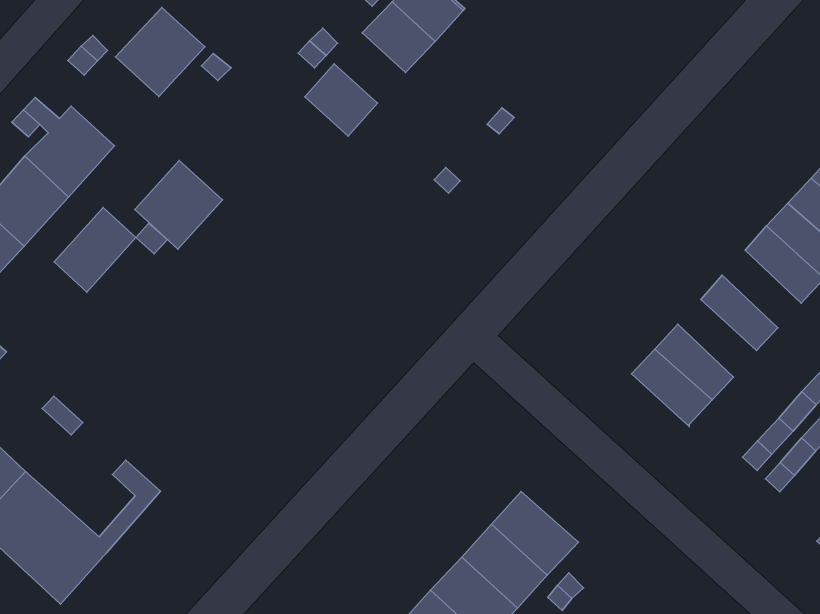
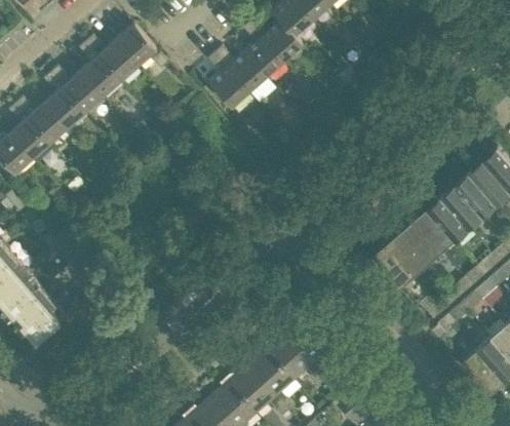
building: none -> [226,53,265,93]
building: [135,160,222,249] -> [77,51,126,101]
building: [54,207,136,292] -> none
building: none -> [428,198,470,243]
building: none -> [400,223,442,268]

